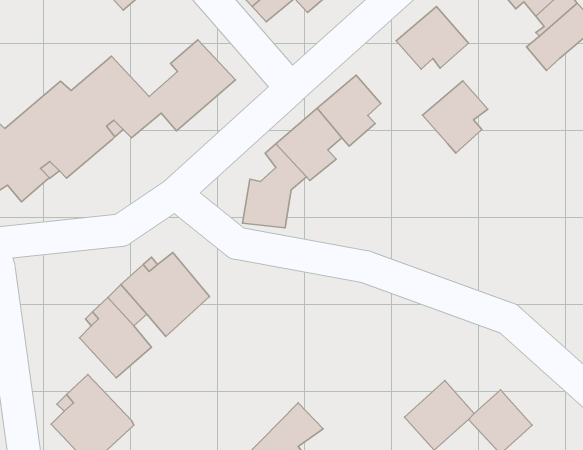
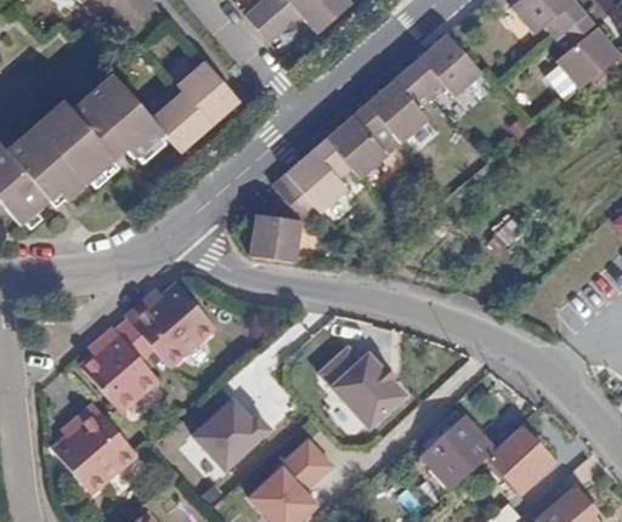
building: [423,81,488,153] -> [368,64,435,138]
building: none -> [322,340,417,427]
building: none -> [196,395,276,469]

